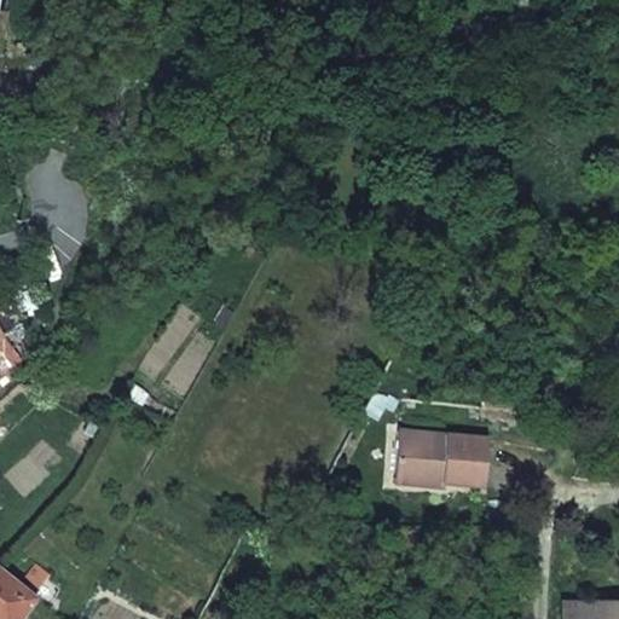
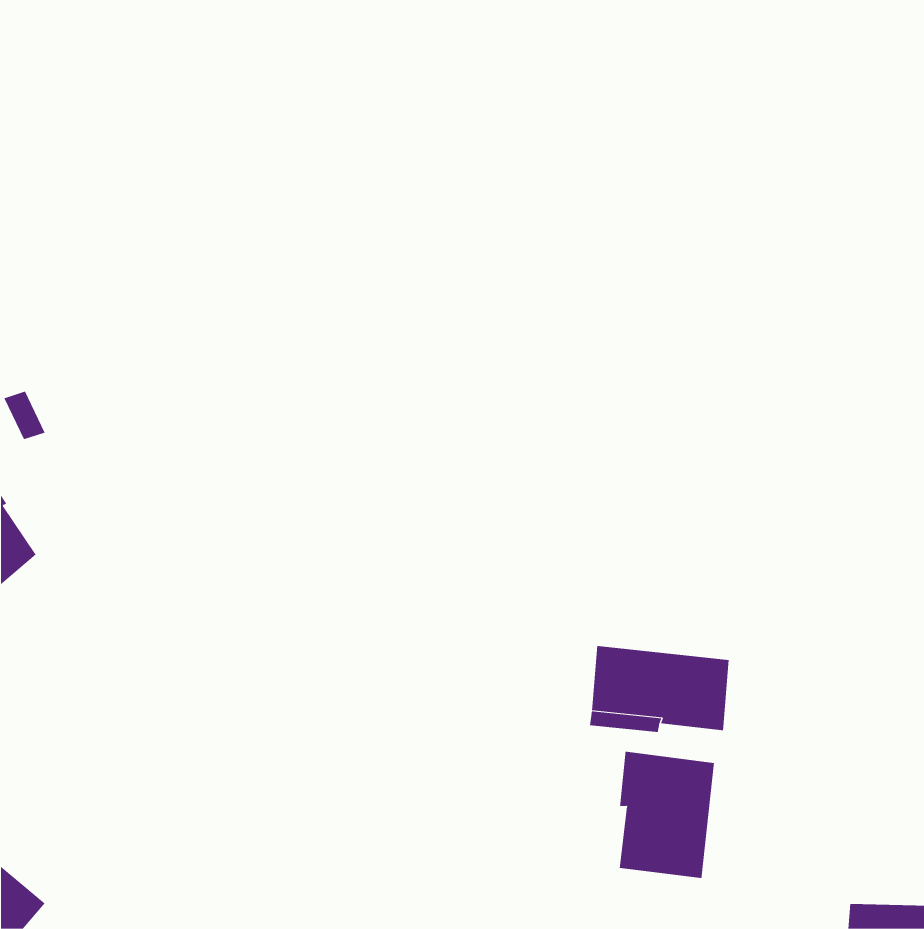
building: none -> [619,751,714,879]

